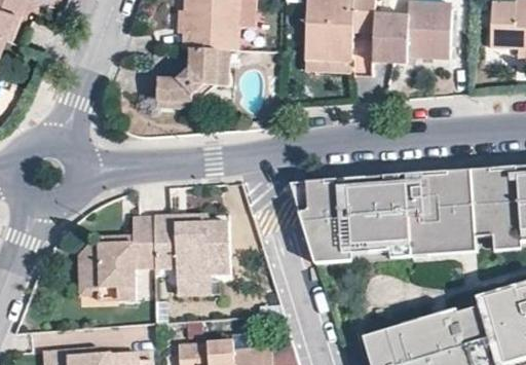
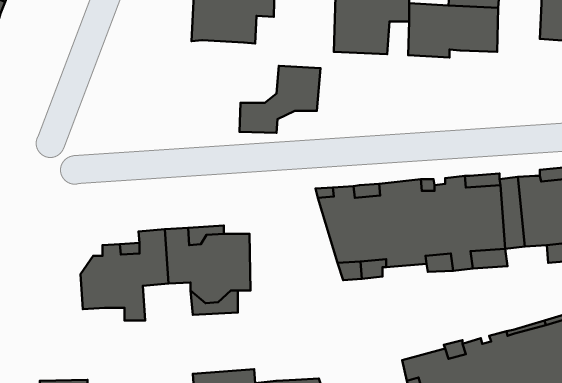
building: [154,48,226,108] -> [239,66,320,133]

